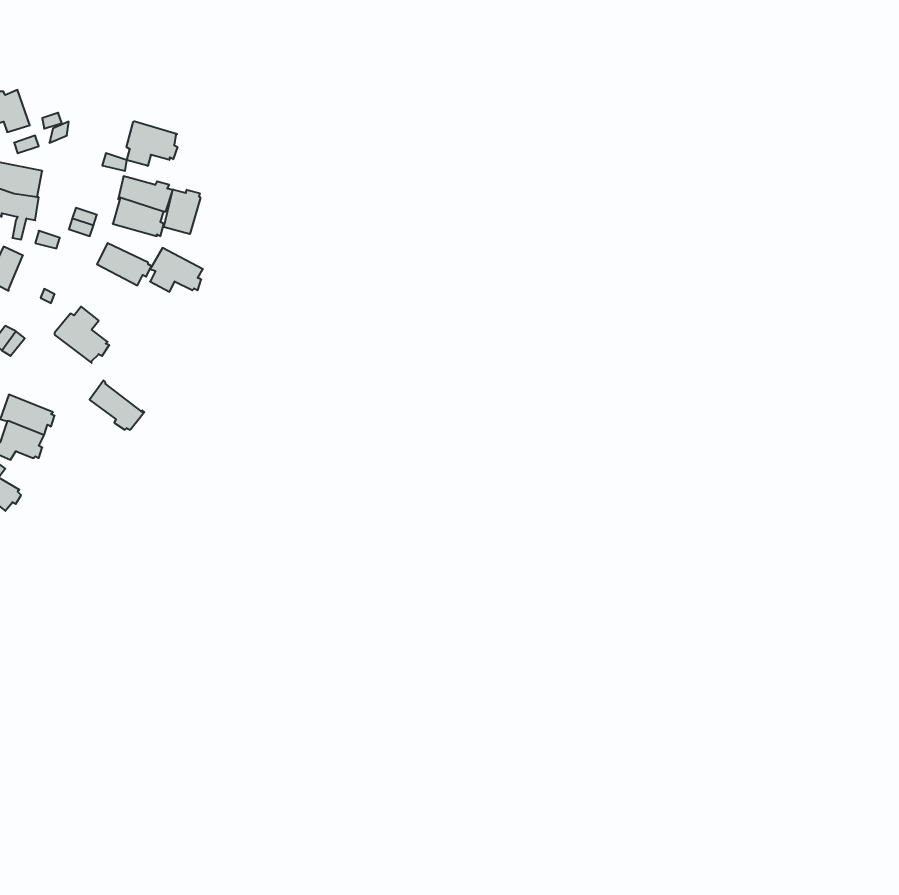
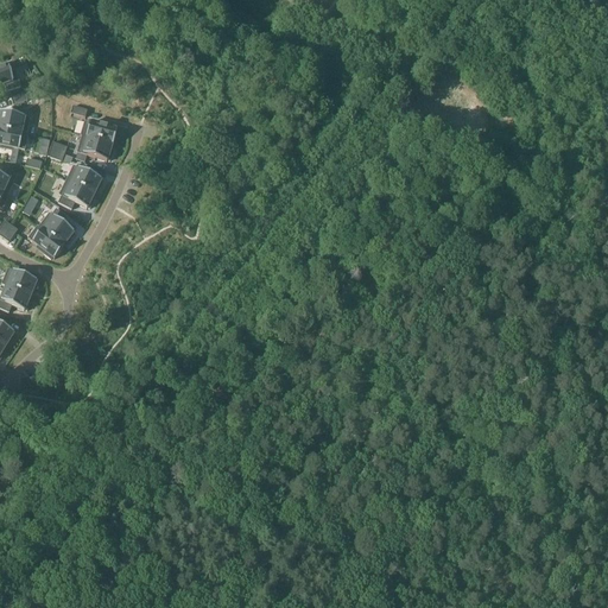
building: [127,121,177,166] -> none
building: [164,189,200,234] -> none
building: [150,248,203,292] -> [57,178,93,208]
building: [90,380,144,430] -> [26,223,63,256]

